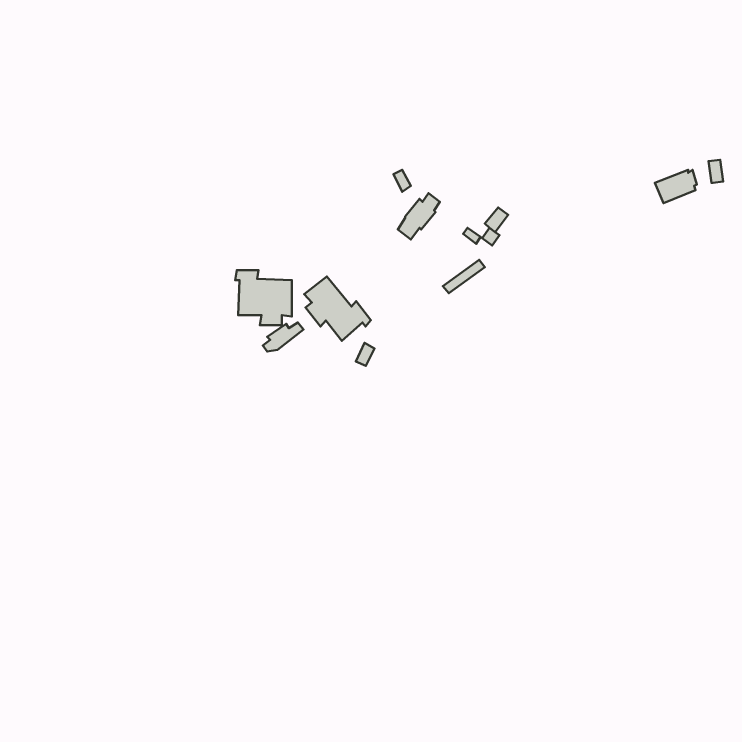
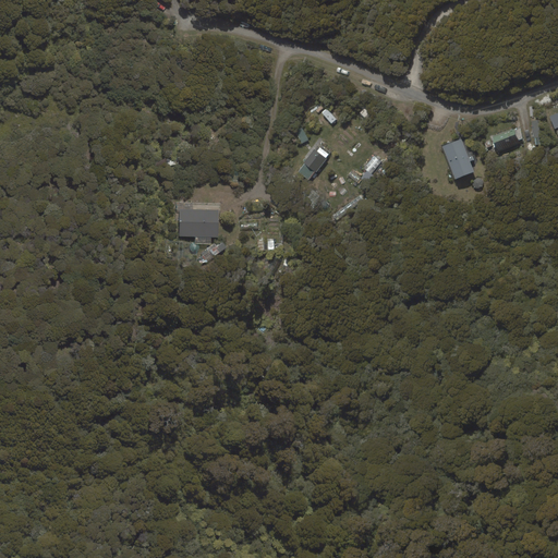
building: none -> [442,140,474,180]
building: [304,277,371,341] -> none

